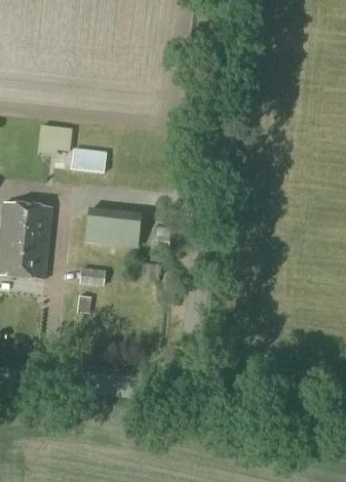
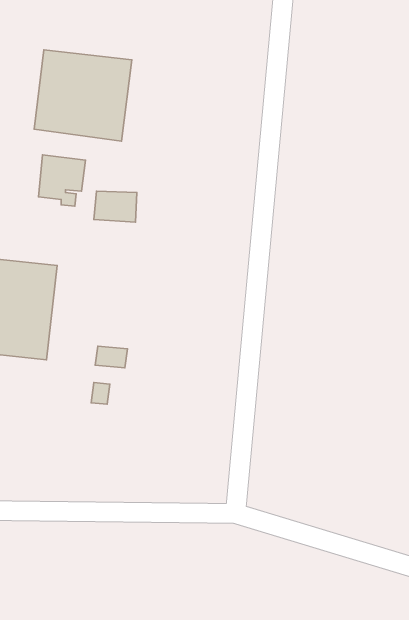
building: none -> [34,50,132,141]
building: [85,209,140,247] -> none

